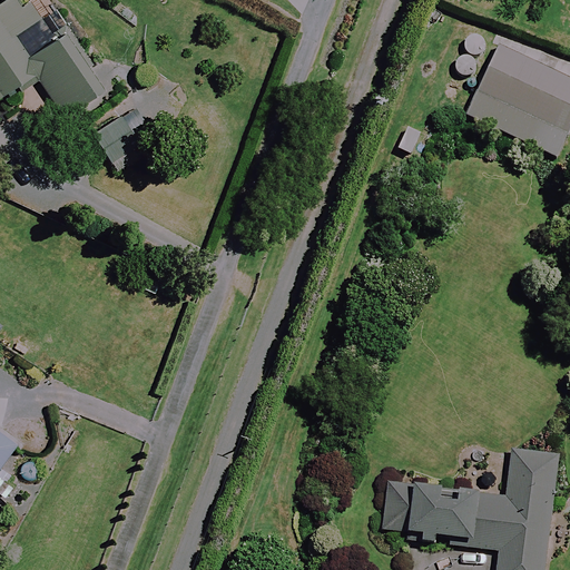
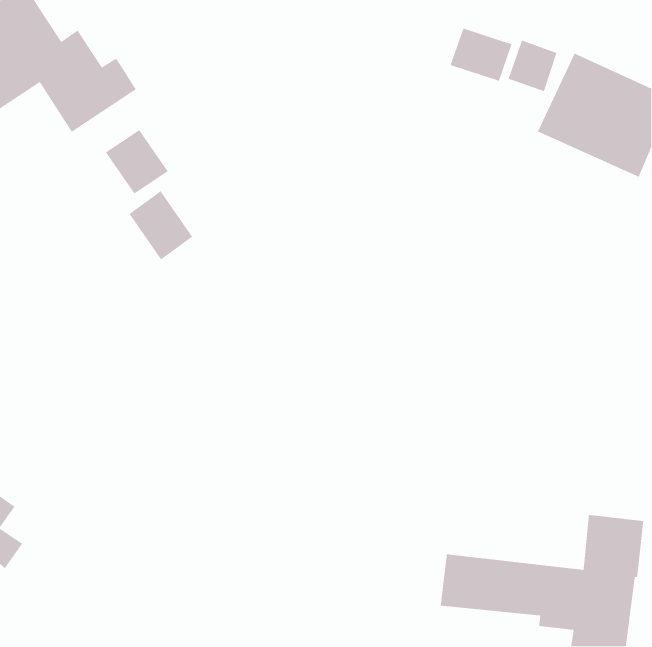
building: none -> [450,27,513,82]
building: none -> [128,190,193,260]

